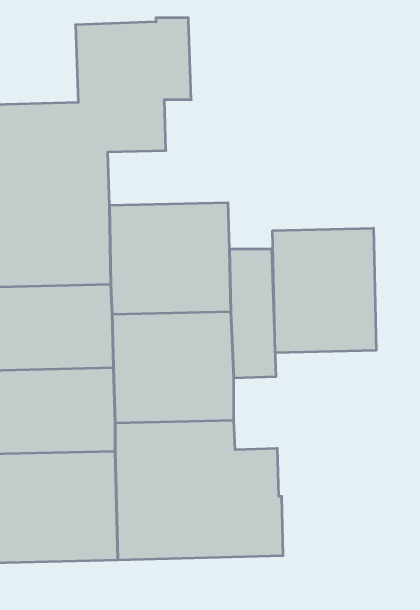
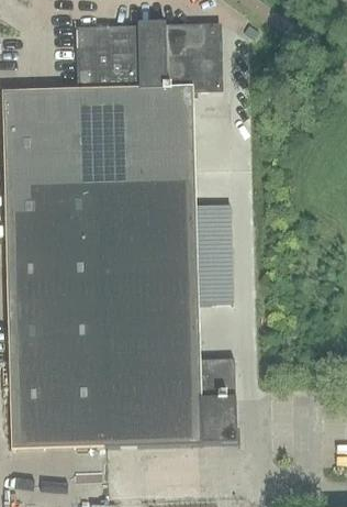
building: none -> [101,23,220,168]
building: [273,228,376,353] -> none

